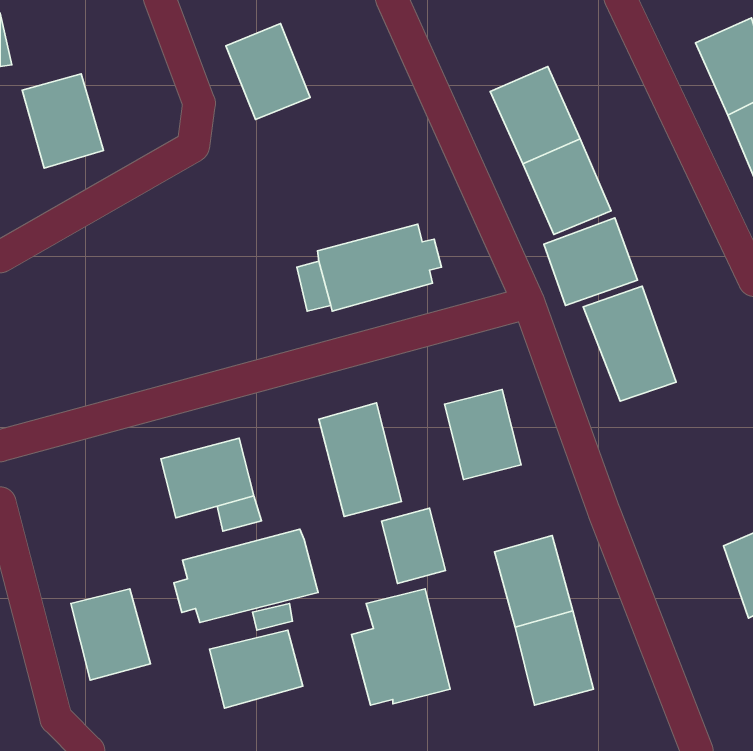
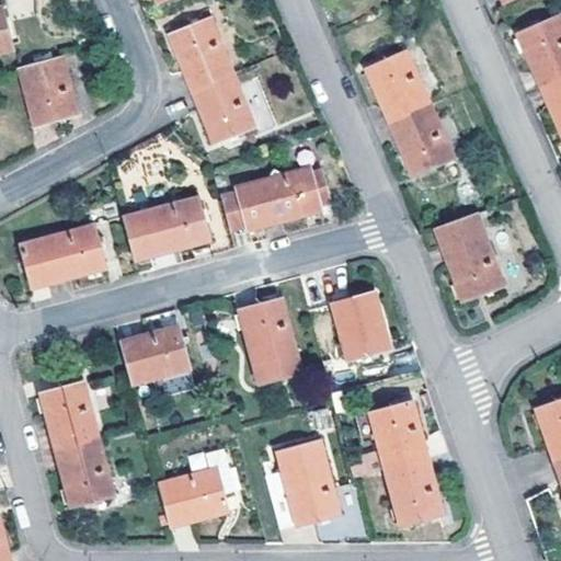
building: none -> [191,72,253,142]
building: [544,218,637,306] -> none
building: none -> [122,197,208,261]
building: none -> [20,225,104,287]
building: [381,508,445,583] -> none
building: none -> [38,381,98,448]
building: [174,529,318,622] -> none

